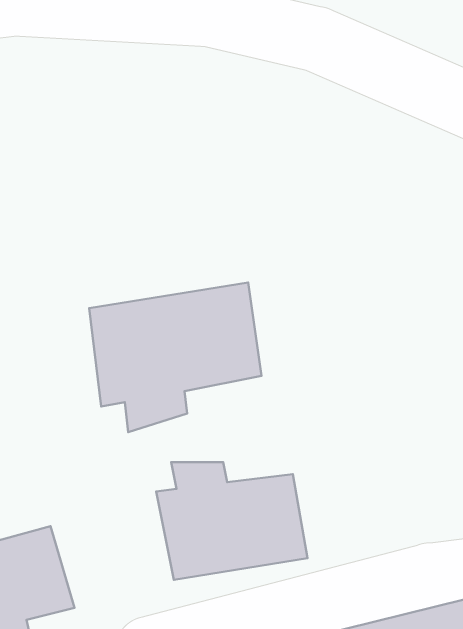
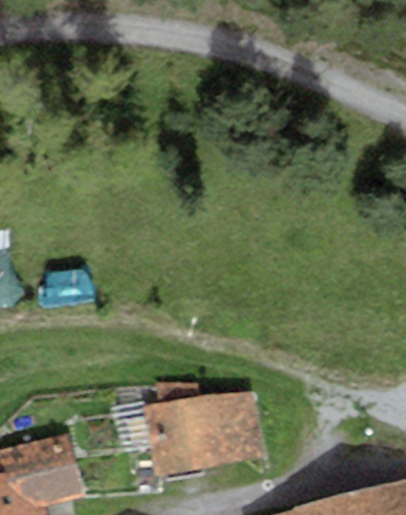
building: [89,283,262,432] -> none

